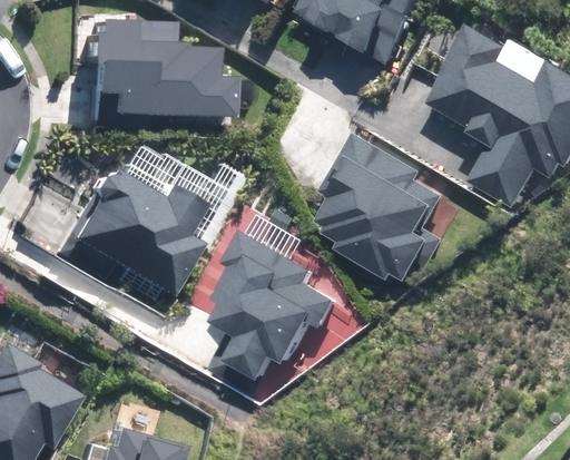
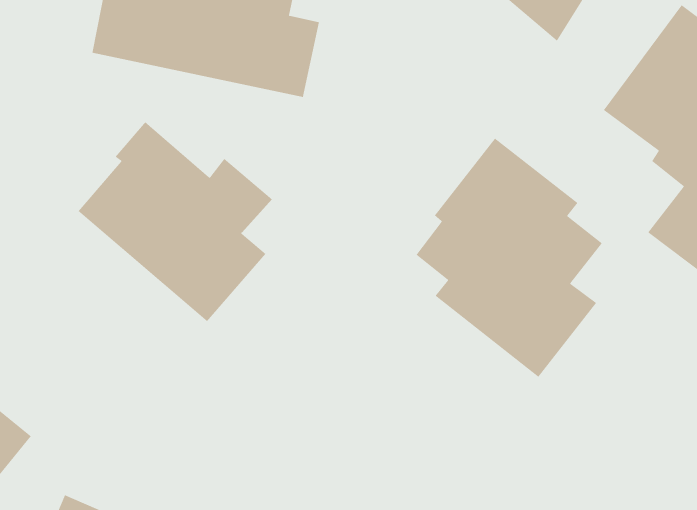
building: [206,231,336,379] -> none

